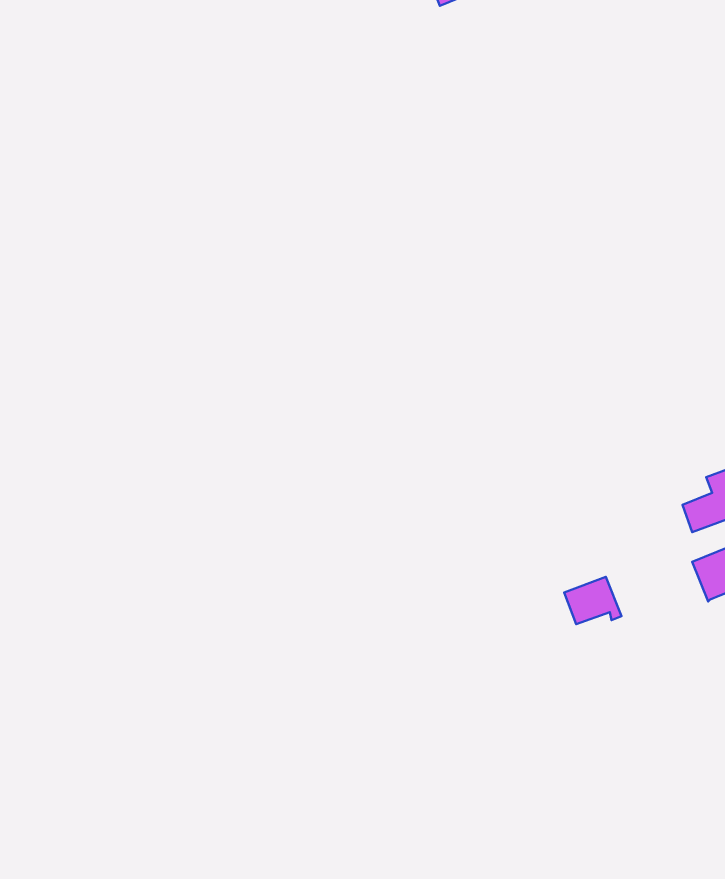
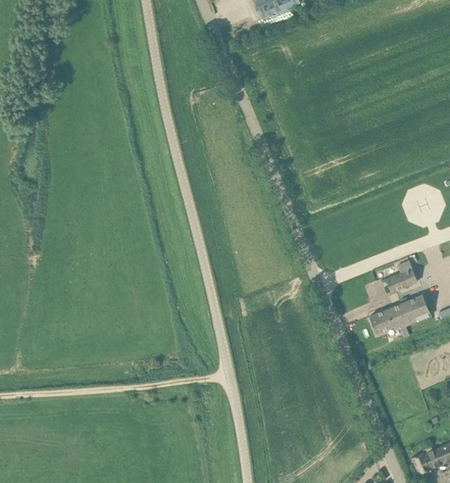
building: [564,577,622,624] -> [370,307,400,332]

